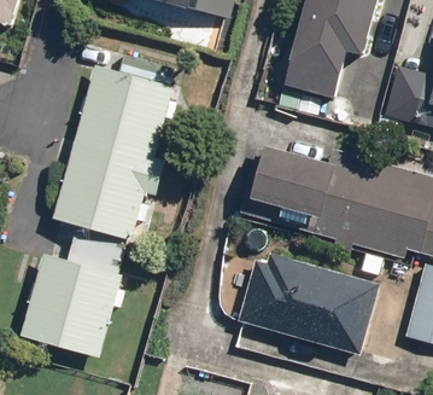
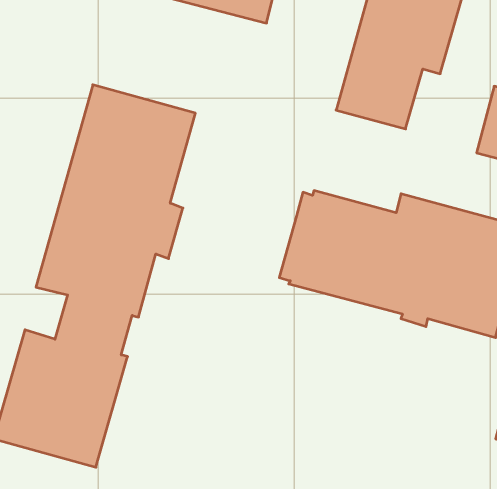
building: [232,251,379,355] -> none

